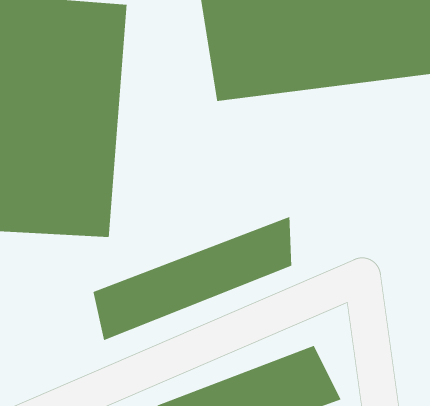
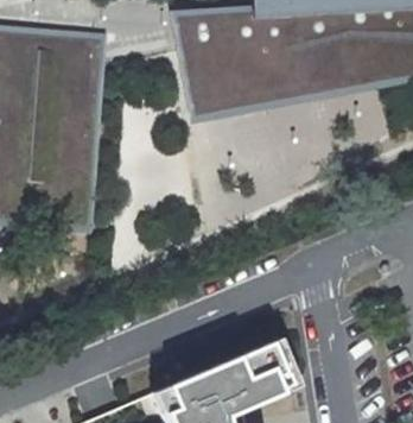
building: [93,216,292,341] -> none

